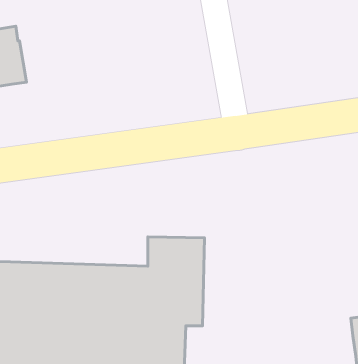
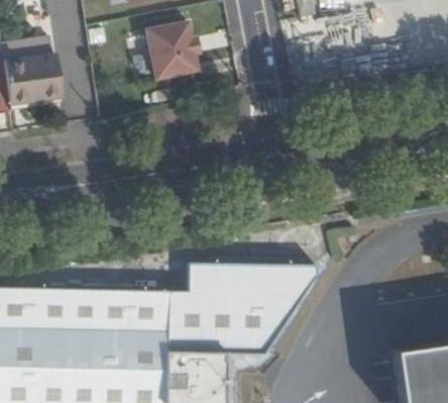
building: none -> [148,31,199,88]
building: none -> [245,267,315,358]

